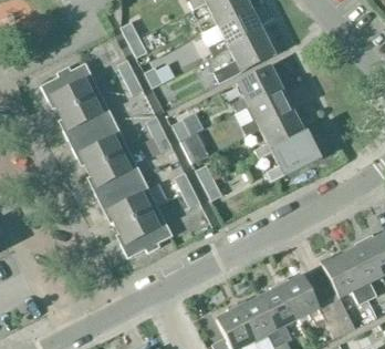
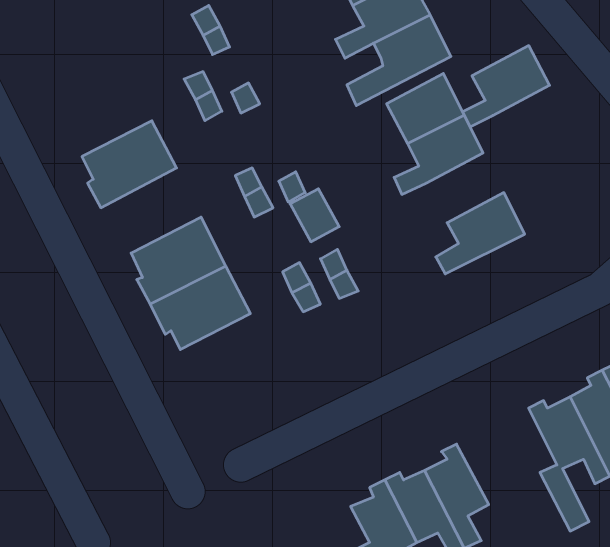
building: [41,62,100,113] -> none
building: [254,111,305,158] -> [463,46,550,127]
building: [70,120,128,170] -> none
building: [116,205,173,258] -> none
building: [278,275,344,337] -> none

